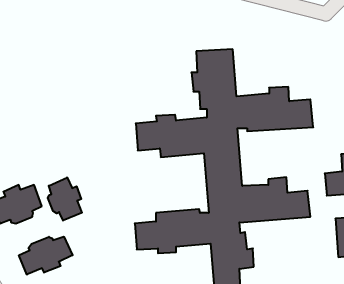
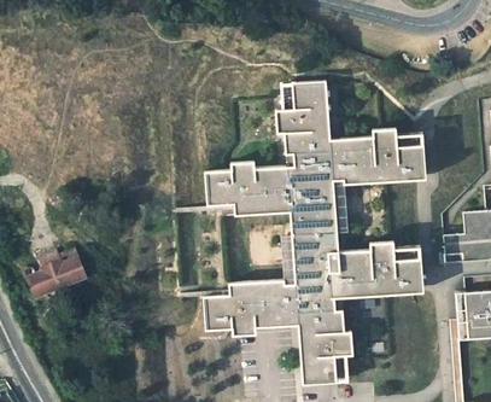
building: [48,177,82,221] -> none
building: [19,237,73,275] -> none

